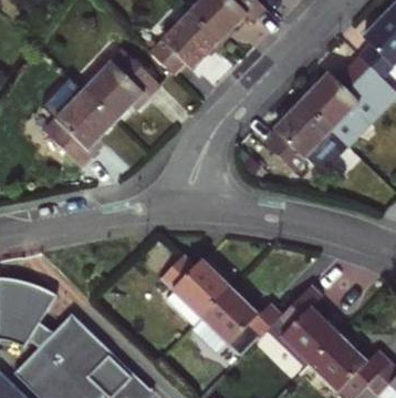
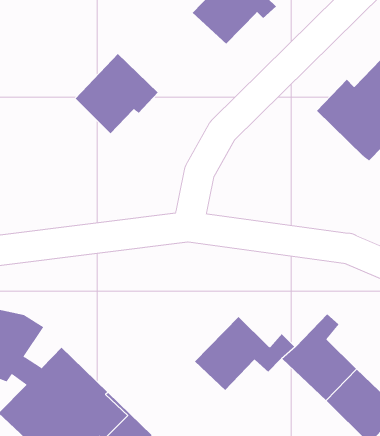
building: [152,12,220,74] -> none
building: [44,90,116,166] -> none
building: [264,101,343,171] -> none
building: [160,253,231,327] -> none

